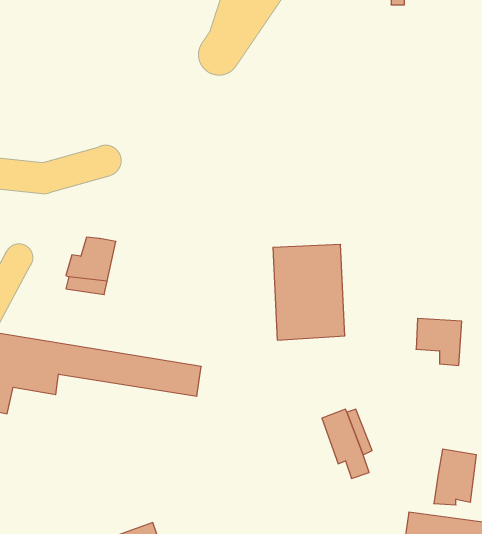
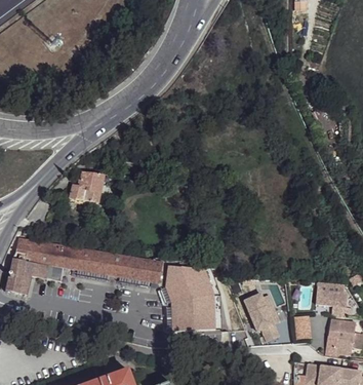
building: [273,244,345,340] -> [164,264,214,331]
building: [416,318,462,365] -> [315,283,347,316]
building: none -> [292,318,312,342]

